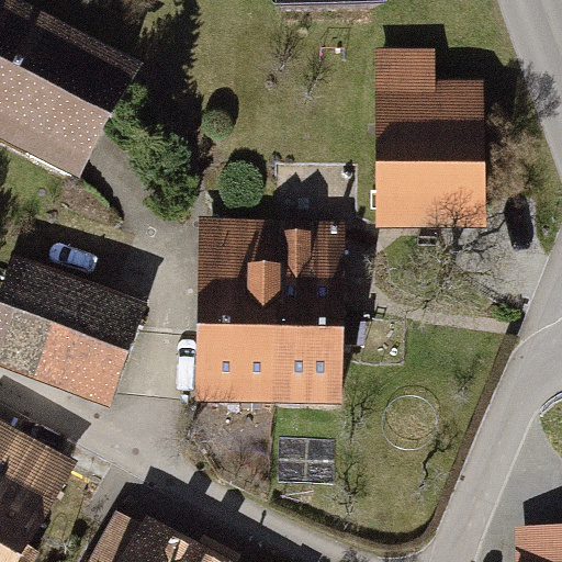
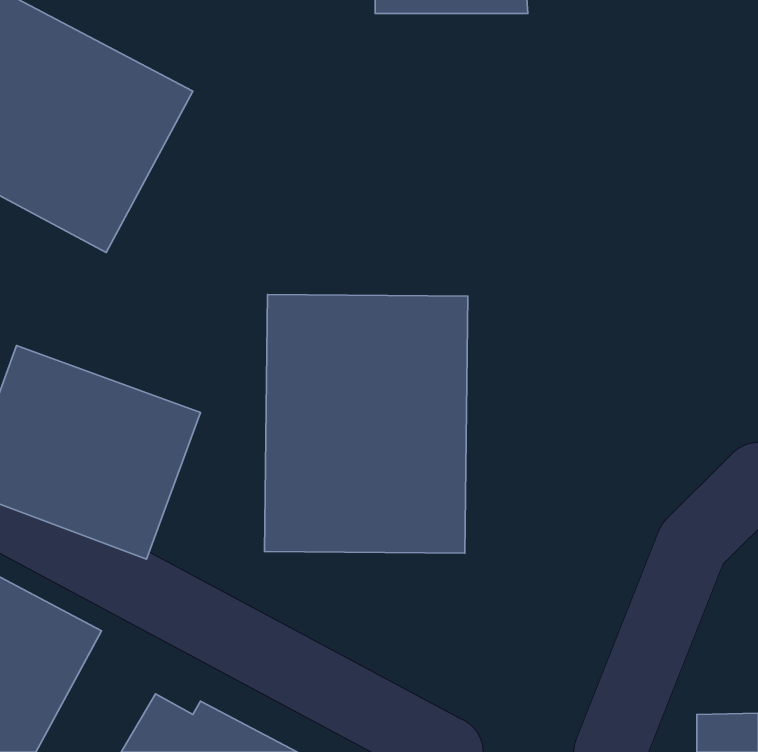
building: [372,44,485,231] -> none

